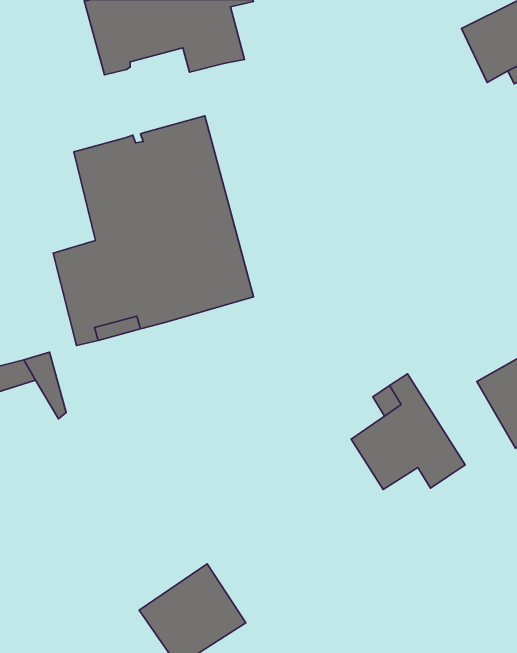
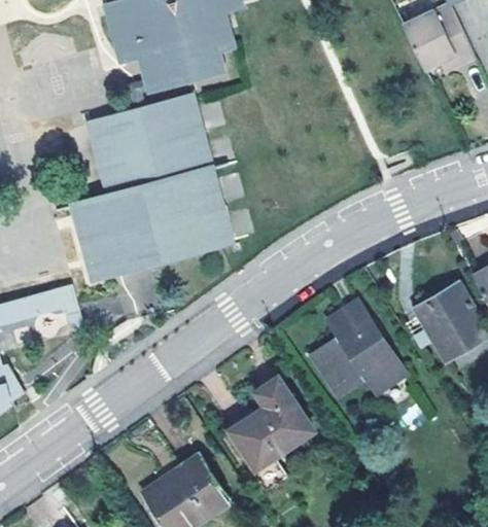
building: none -> [125,40,217,112]
building: none -> [234,379,311,465]

